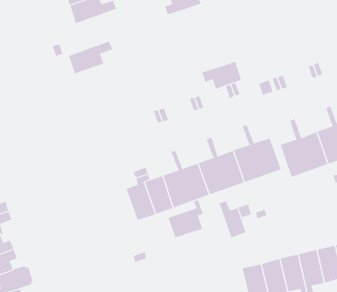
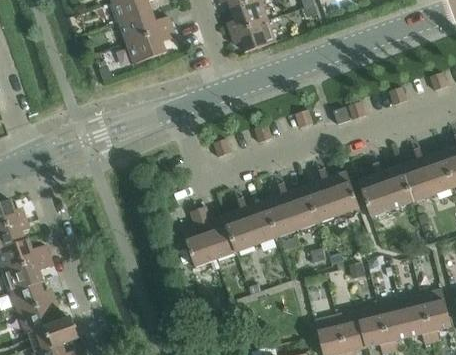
building: [68,41,113,74] -> [125,26,176,64]
building: [201,61,242,89] -> [229,20,275,52]
building: [168,199,203,238] -> none
building: [219,200,246,238] -> none

